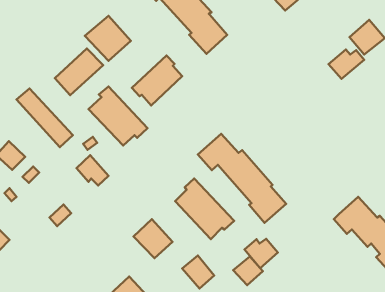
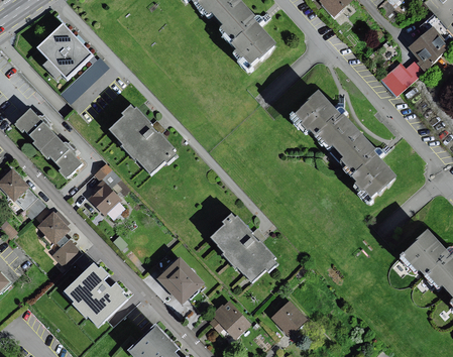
building: [85,16,131,61] -> [34,23,88,76]
building: [132,56,182,105] -> none
building: [198,134,286,223] -> [284,92,386,196]
building: none -> [39,211,71,241]
building: none -> [71,261,132,323]
building: [245,239,278,268] -> none

